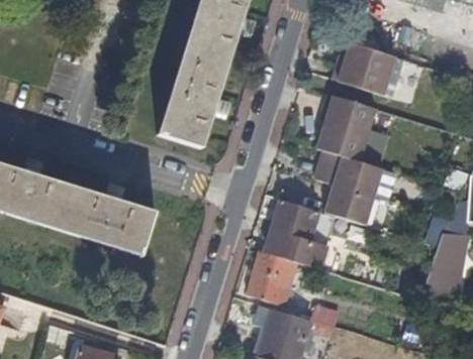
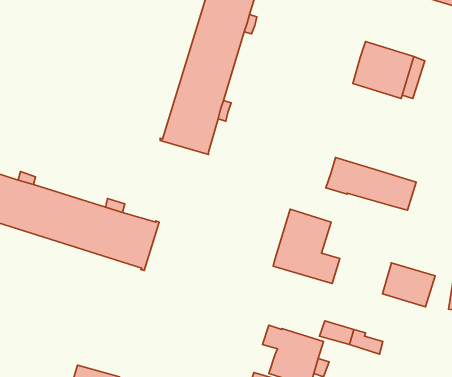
building: [317,94,376,161] -> none
building: [325,184,375,225] -> [382,263,435,307]
building: [249,253,295,305] -> none

